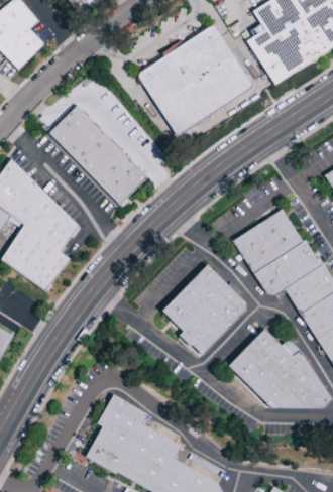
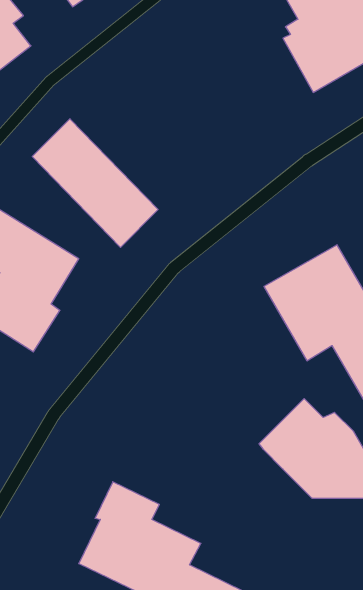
building: [136,23,254,135] -> none
building: [162,264,250,356] -> none

